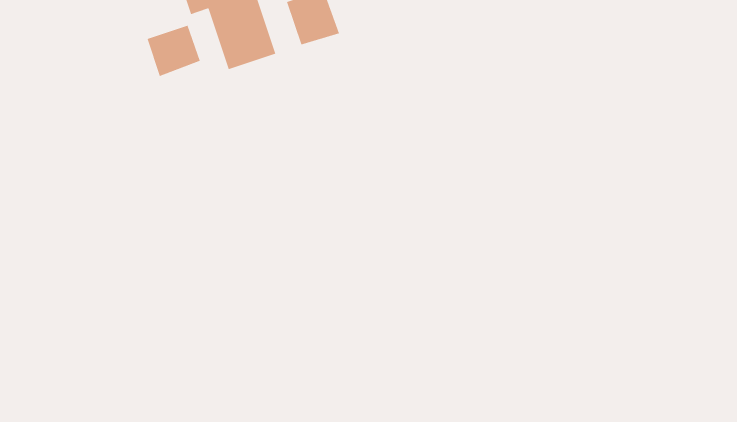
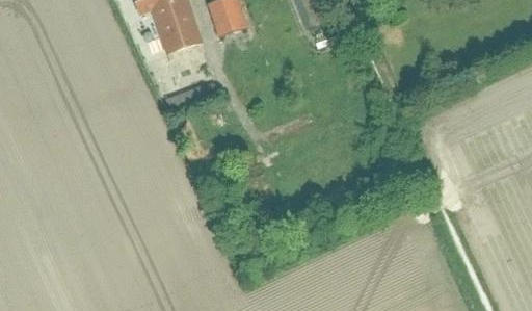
building: [147,25,201,77] -> none

